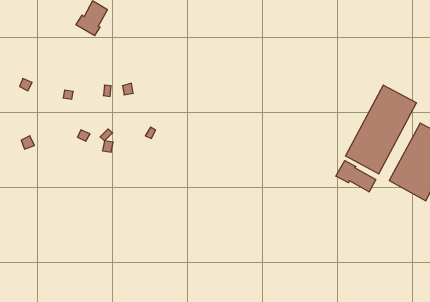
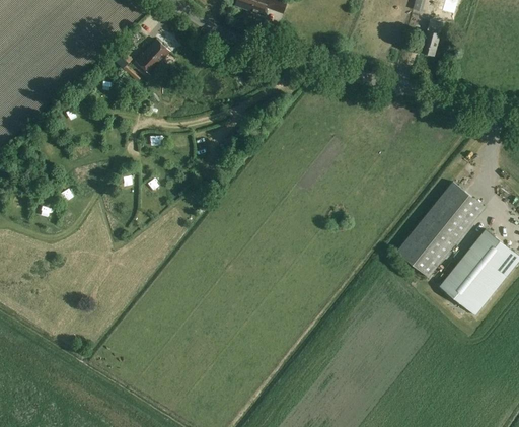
building: [336,161,376,192] -> none

